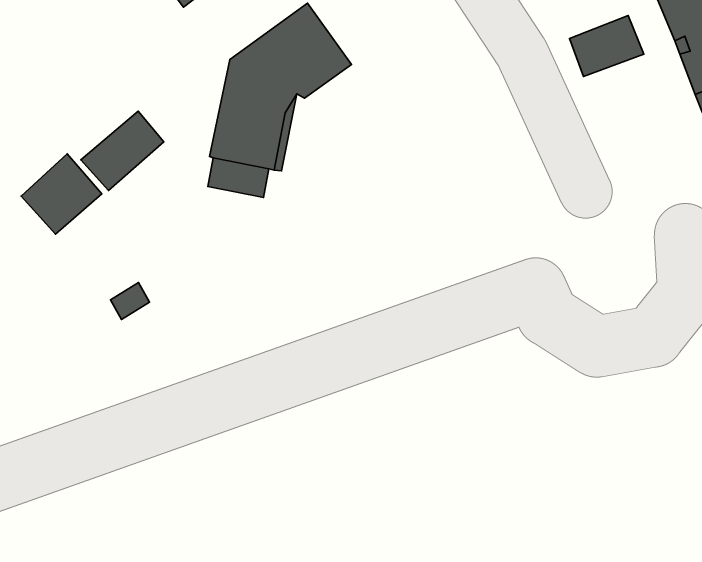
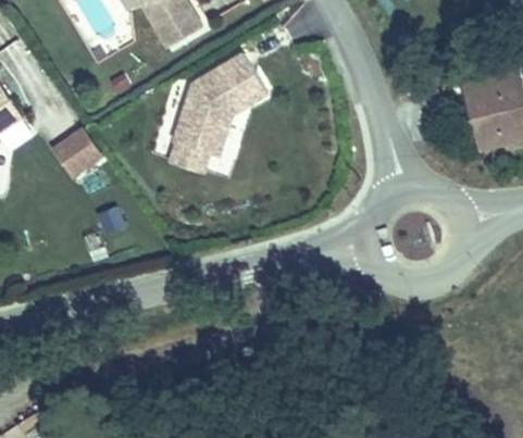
building: [569,16,644,76] -> none
building: [81,111,164,191] -> none

